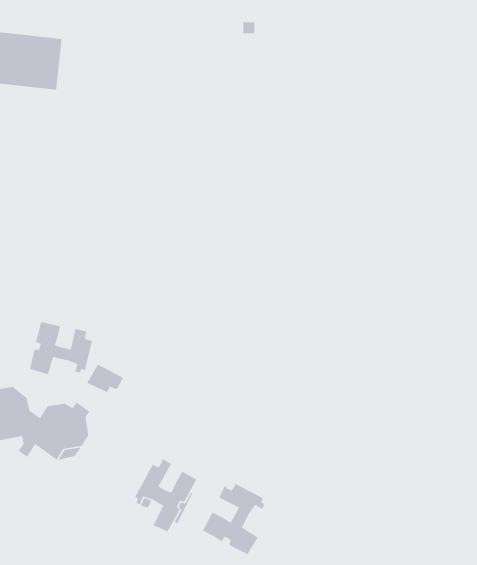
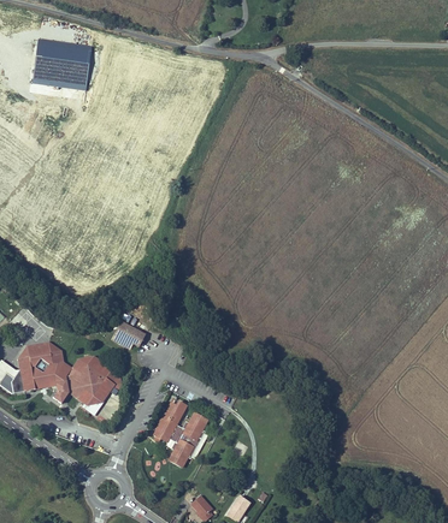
building: [29,321,93,375] -> none
building: [202,483,265,555] -> none

